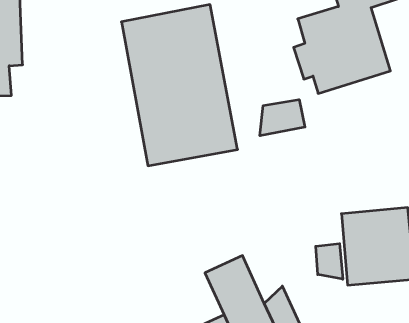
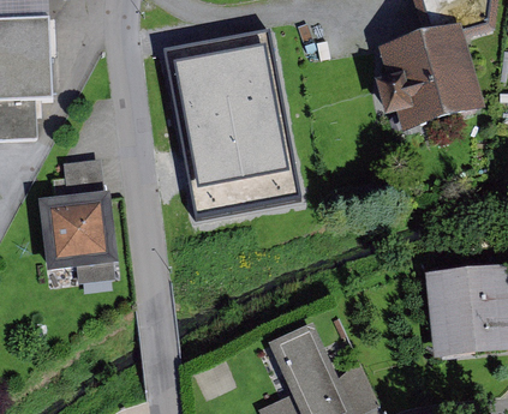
building: [260,100,305,136] -> none
building: none -> [37,156,112,280]
building: [316,244,343,279] -> none

